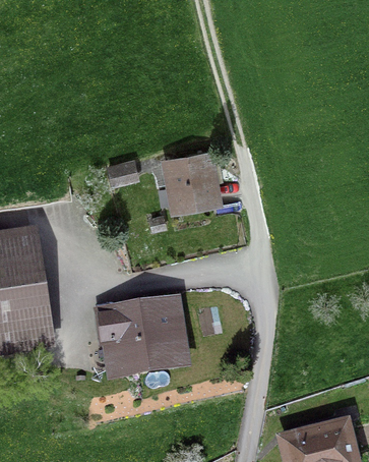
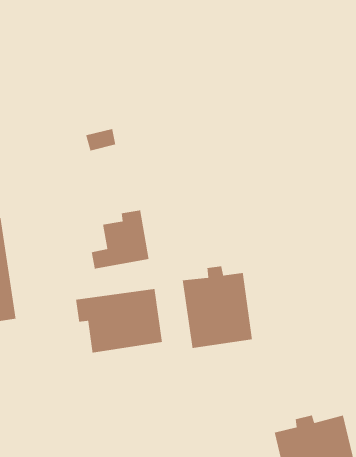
building: [160,149,213,204] -> [91,210,150,270]
building: none -> [182,265,253,349]

